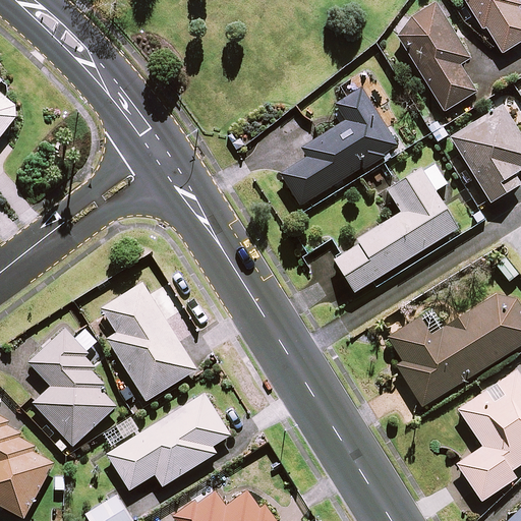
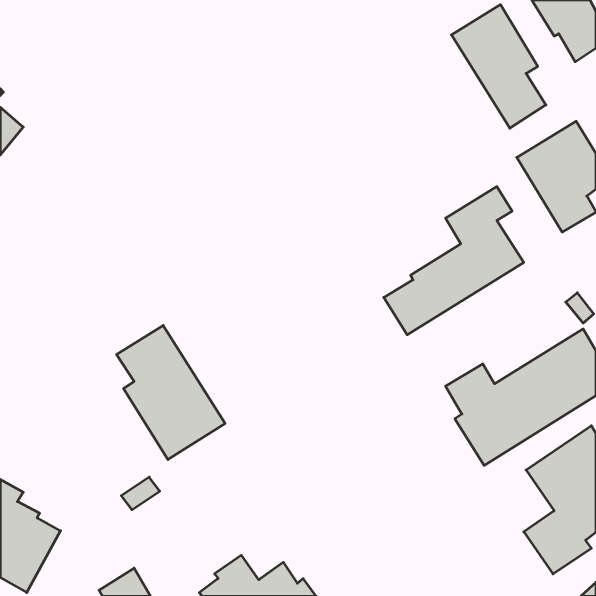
building: [281,90,398,206] -> none
building: [30,324,116,446] -> none
building: [108,394,230,490] -> none

